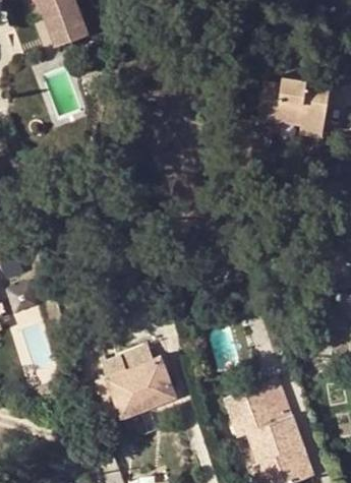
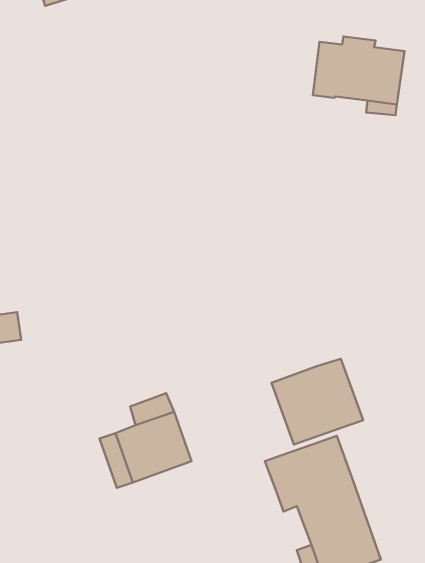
building: none -> [272,359,363,444]

